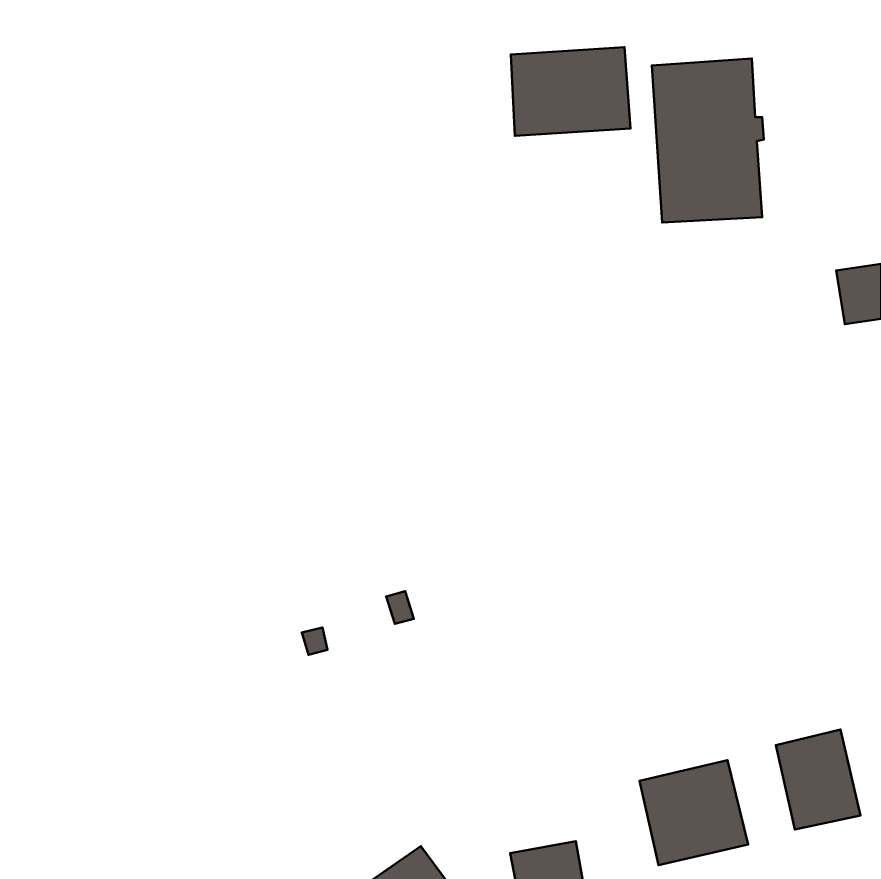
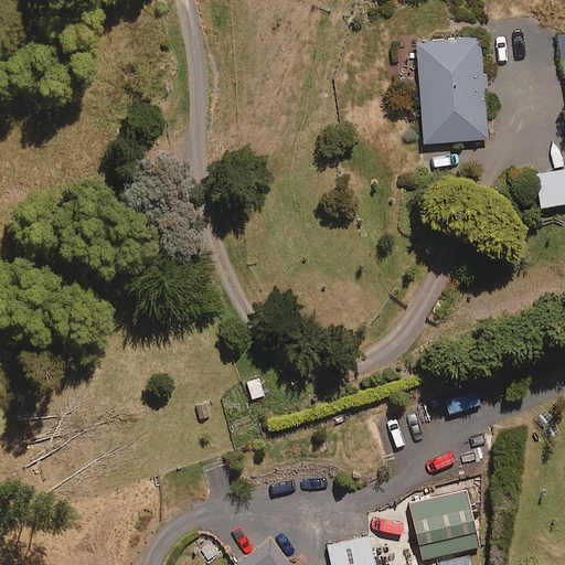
building: [511,47,630,136] -> none
building: [776,730,860,829] -> none

